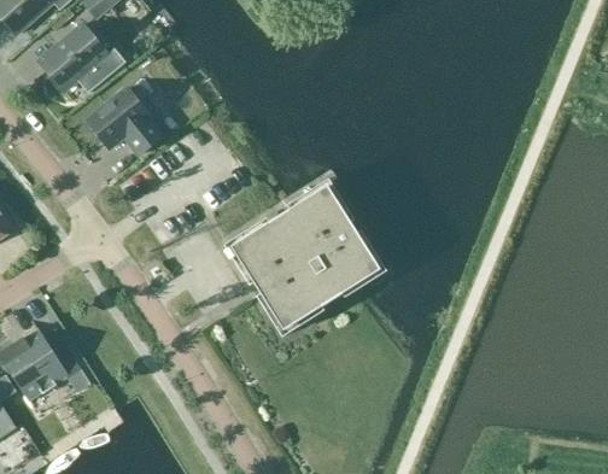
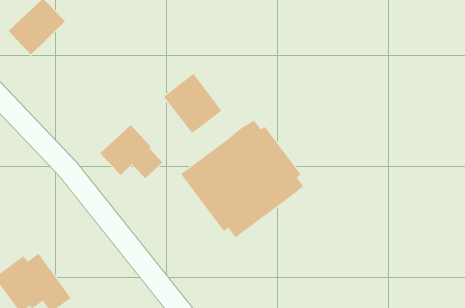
building: [87,87,162,153] -> [99,124,163,179]
building: none -> [163,73,222,134]

